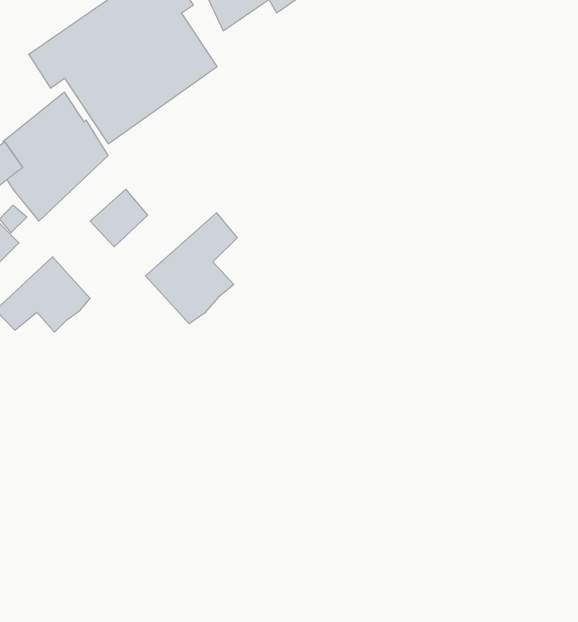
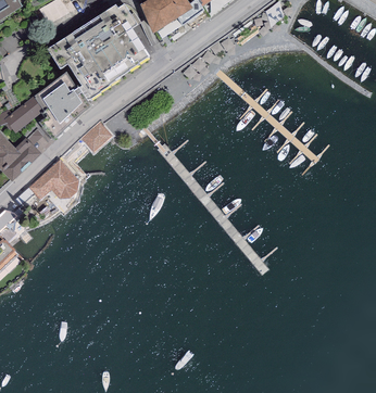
building: [145,213,237,324] -> none

